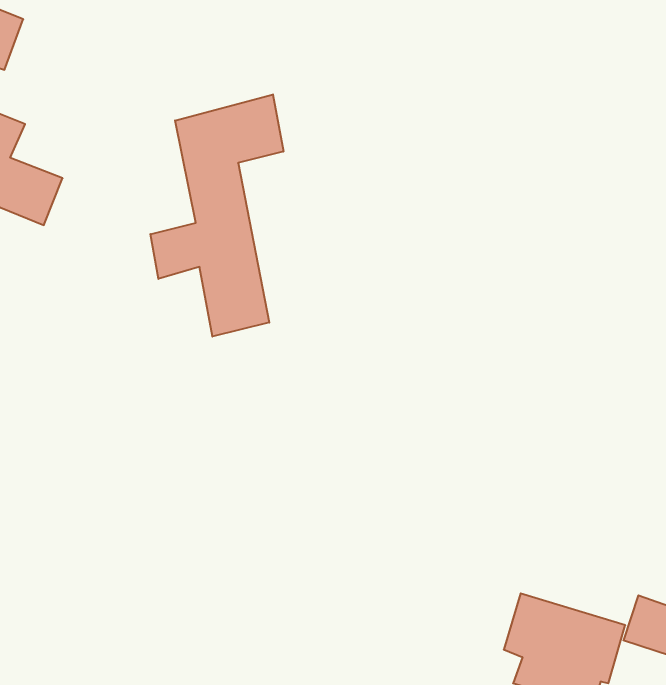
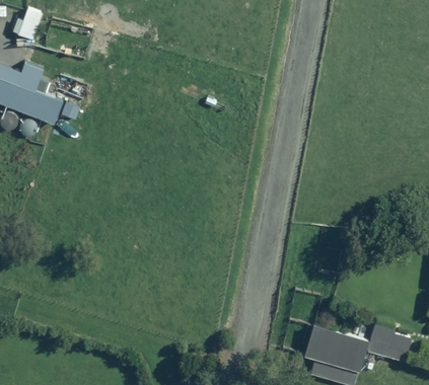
building: [150,94,283,337] -> none

